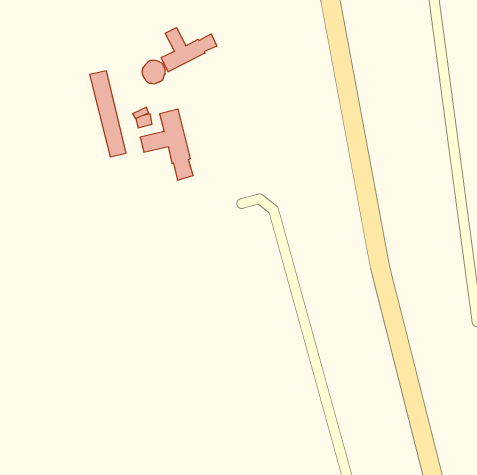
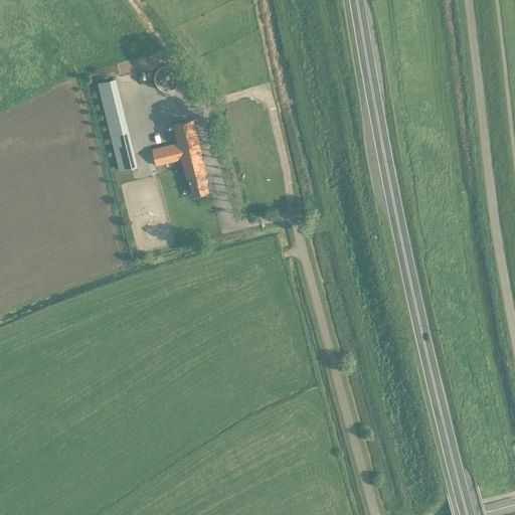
building: [161,28,217,72] -> none

